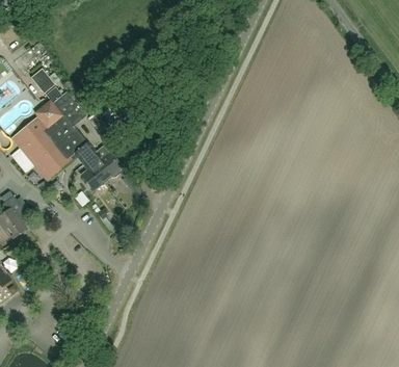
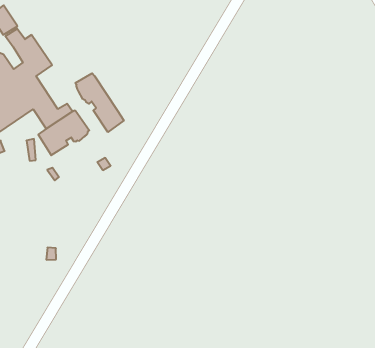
building: none -> [75,73,124,132]

